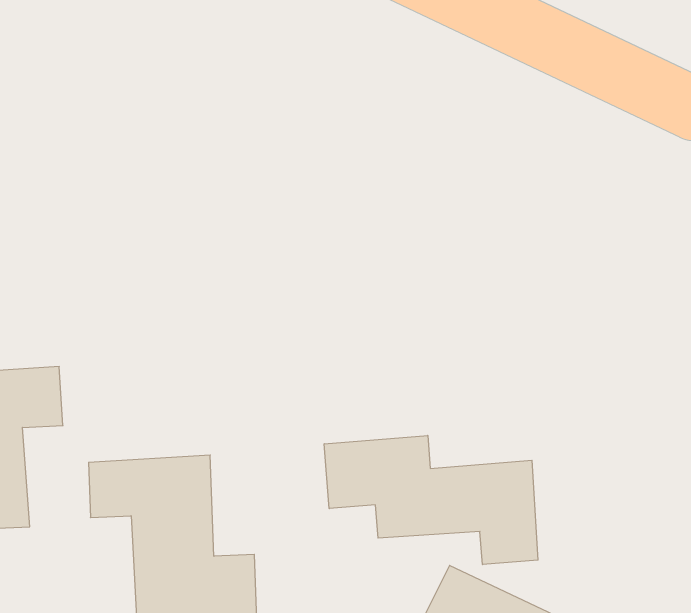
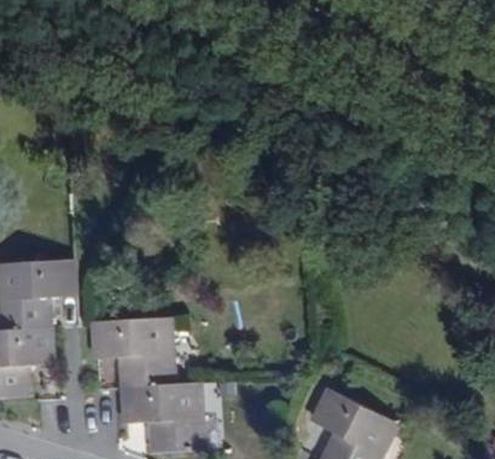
building: [324,435,538,565] -> none

